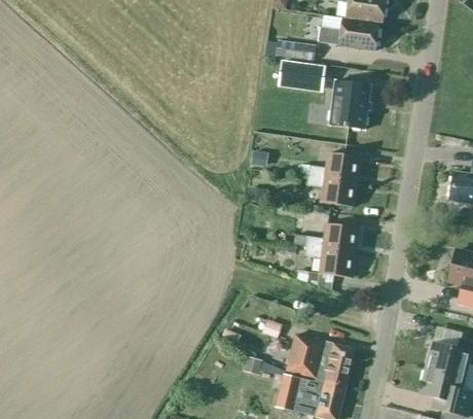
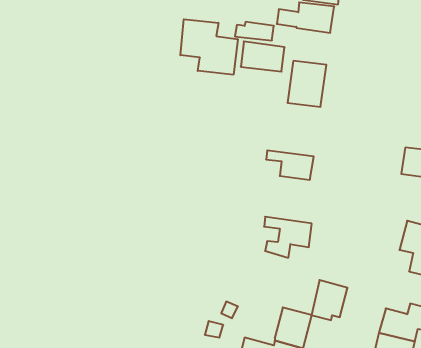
building: none -> [180,19,238,75]
building: [299,152,361,181] -> none
building: [306,223,359,252] -> none
building: [287,334,325,376] -> [312,280,348,320]

